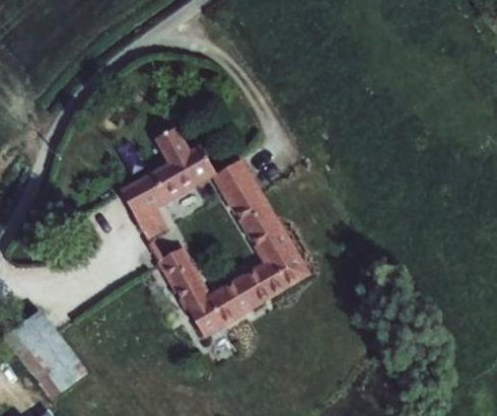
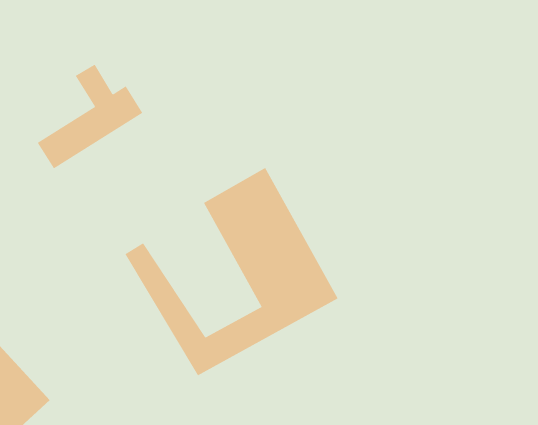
building: [122,129,212,218] -> [37,64,143,169]

